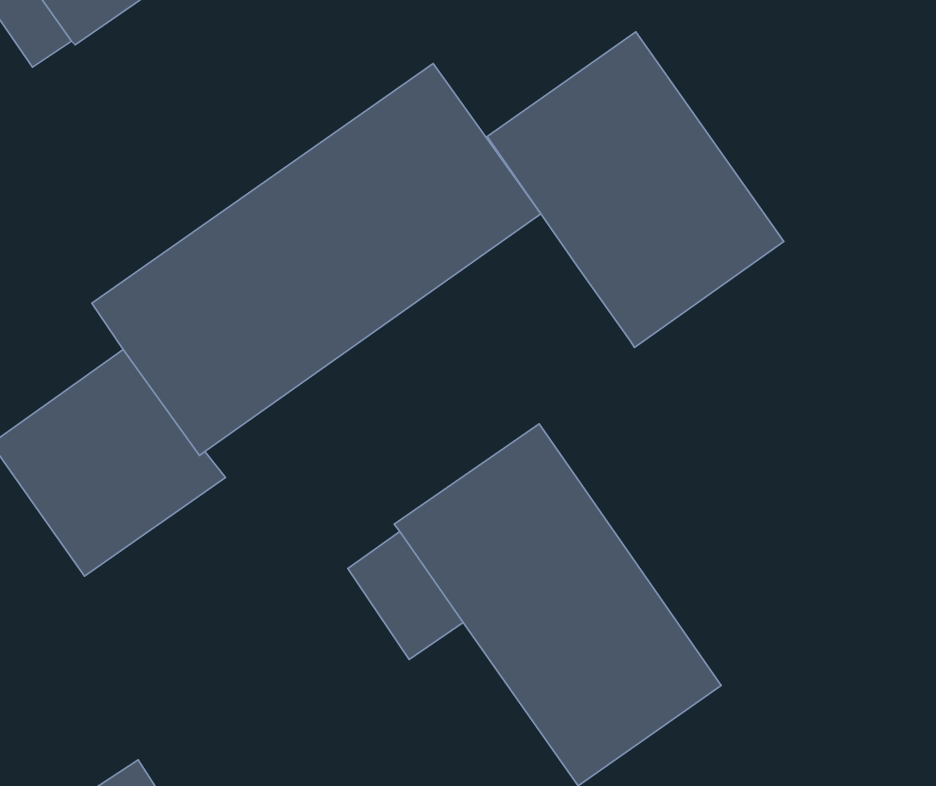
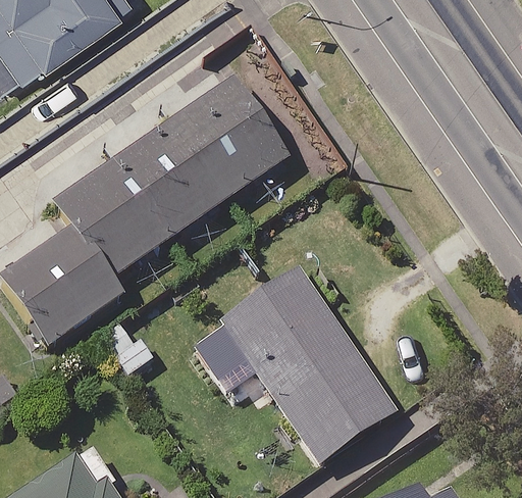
building: [487,32,784,348] -> none

